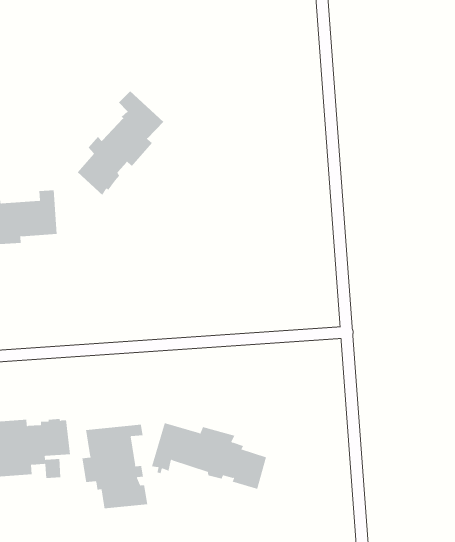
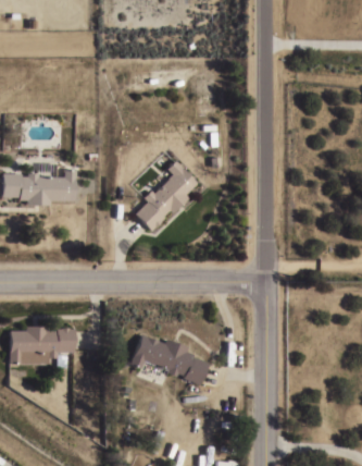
building: [77,91,164,196] -> [136,160,198,231]
building: [82,424,148,509] -> none

